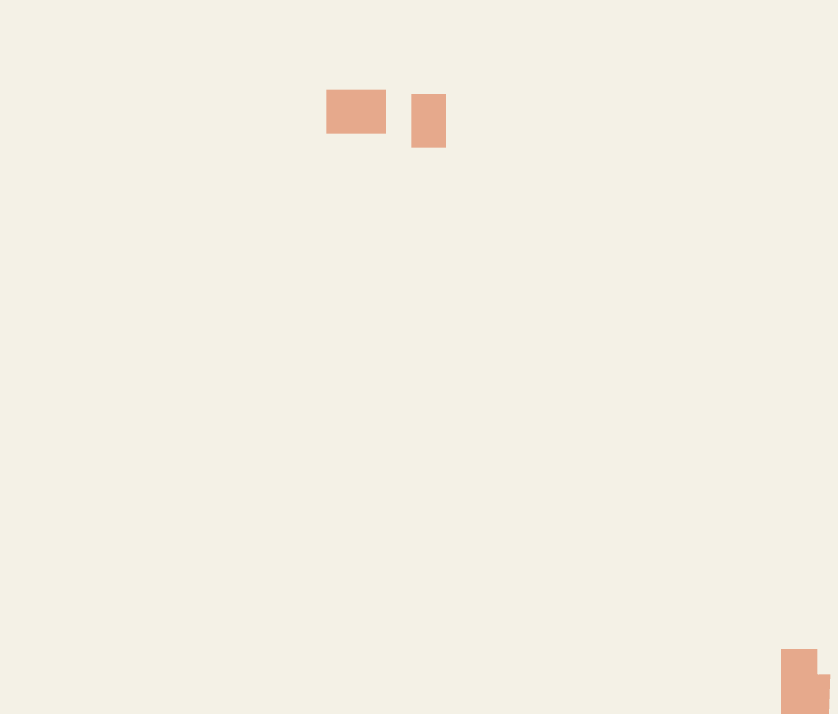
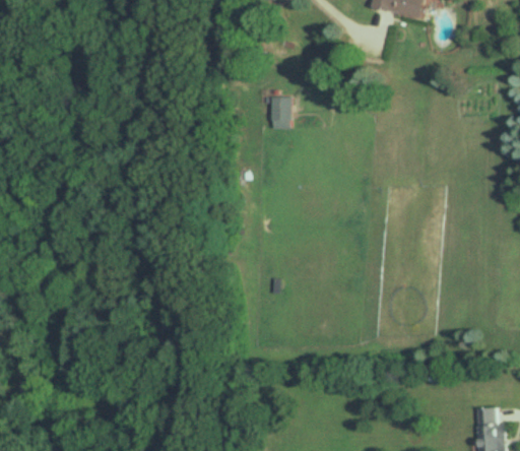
building: [326,89,387,135] -> none

